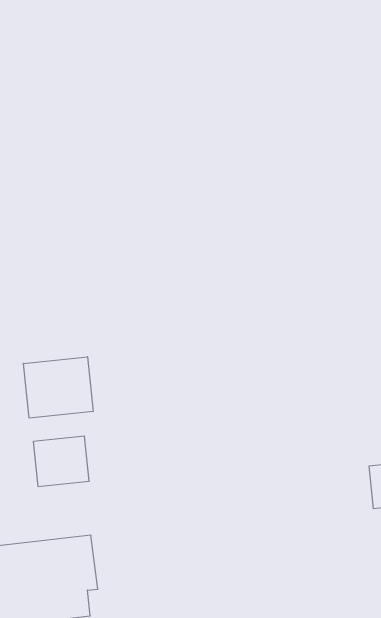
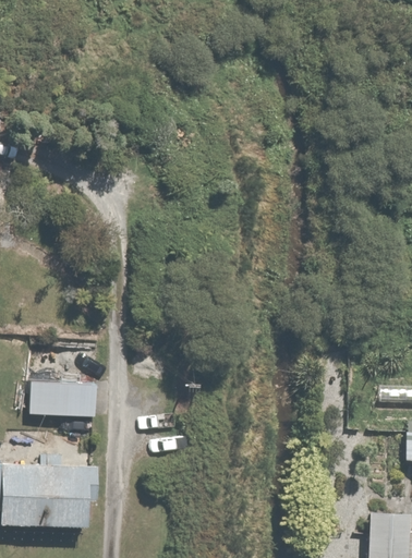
building: [23,357,93,418] -> none

